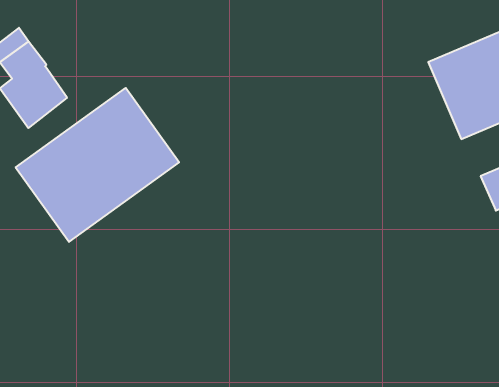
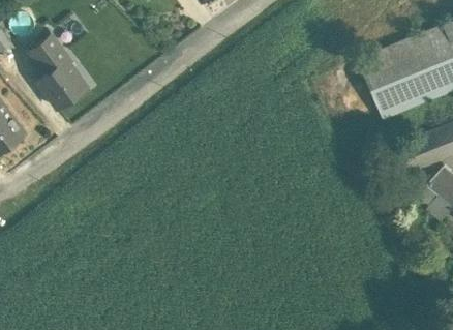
building: [16,88,179,242] -> none

